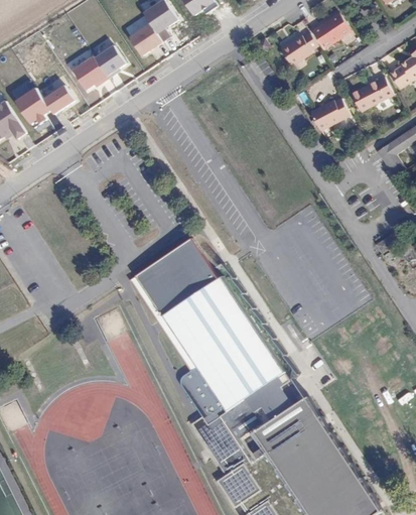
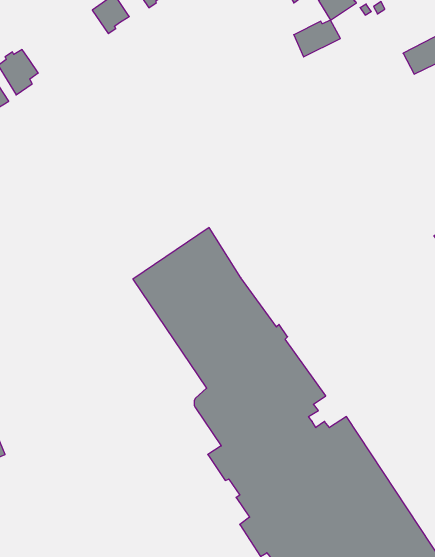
building: [74,57,109,90] -> none
building: [44,86,75,114] -> none
building: [310,99,349,129] -> [294,20,340,57]

